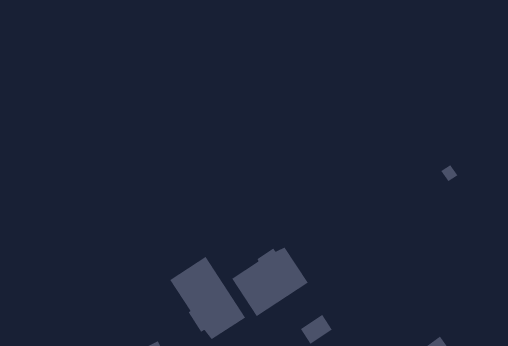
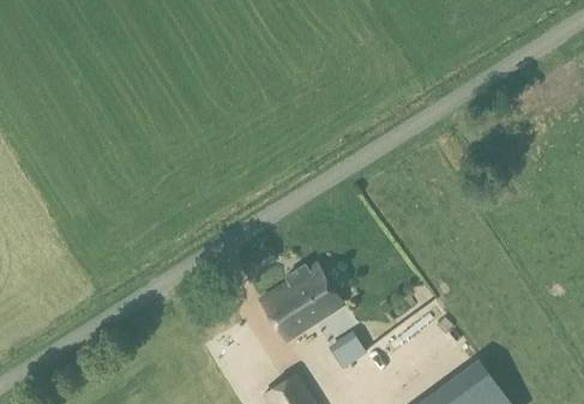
building: [169,256,246,340] -> none

